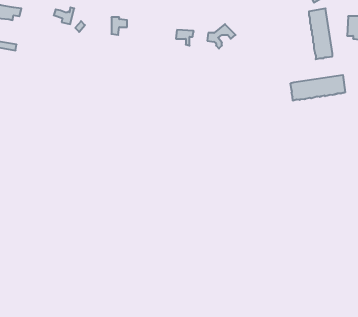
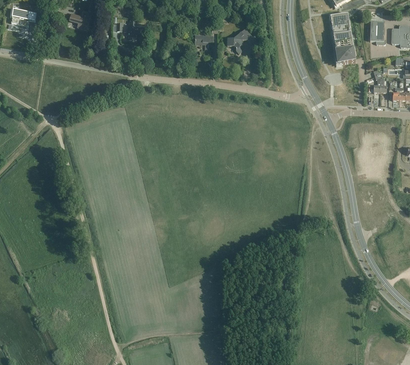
building: [291,75,345,101] -> none

